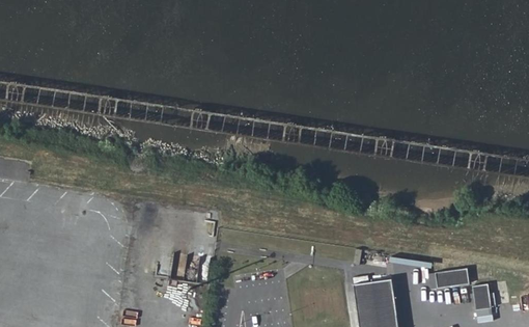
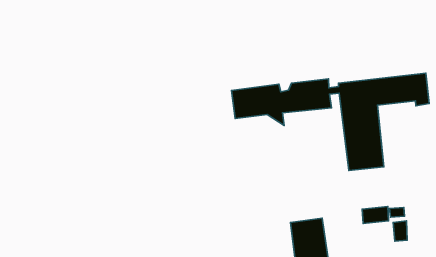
building: none -> [231,73,429,171]

